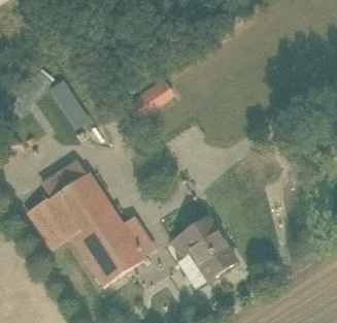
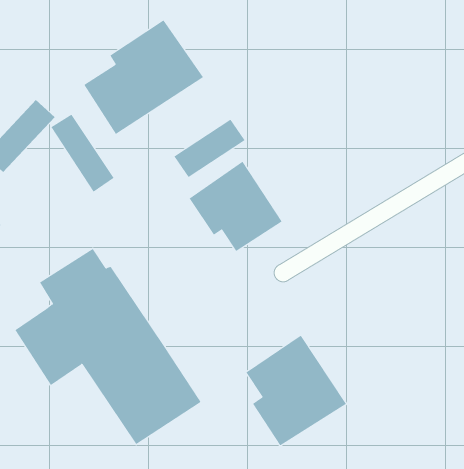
building: none -> [84,20,204,135]
building: none -> [189,161,283,252]

